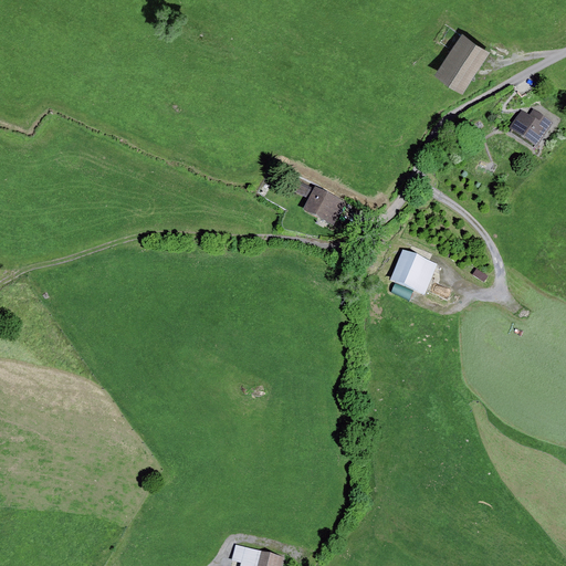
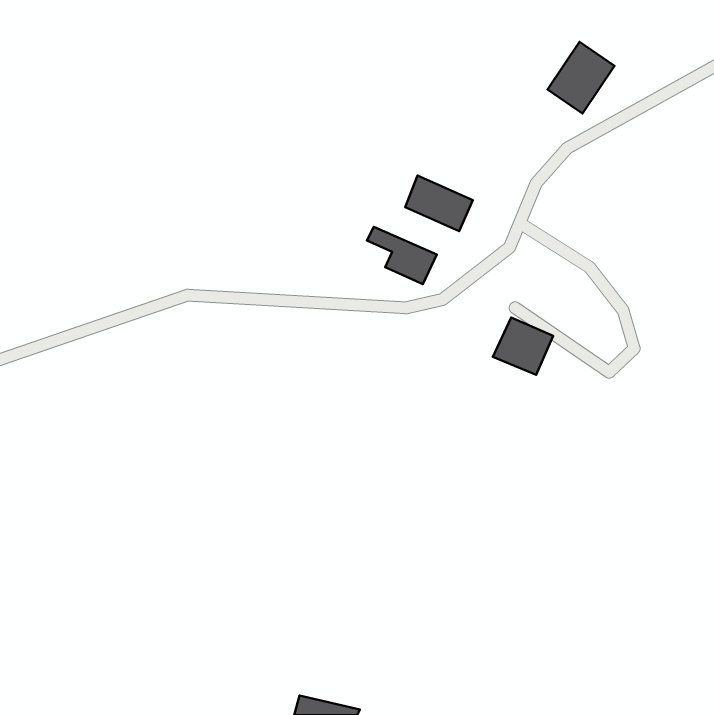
building: [511,109,555,147] -> none
building: none -> [405,175,473,231]

